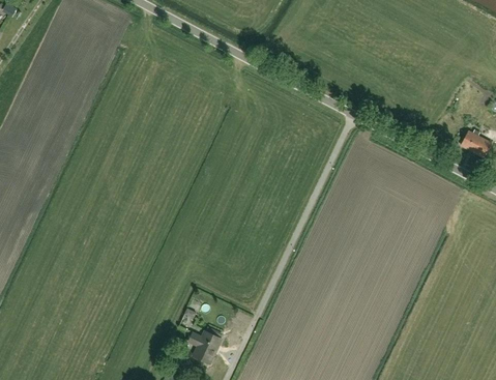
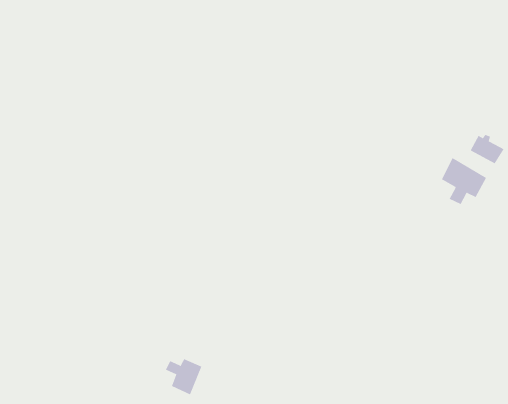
building: none -> [441,157,487,205]

